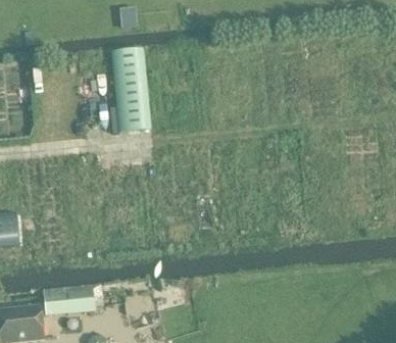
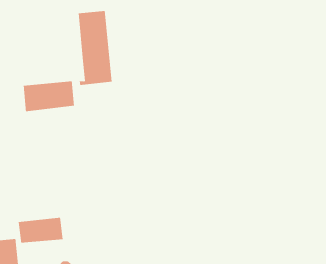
building: none -> [23,80,74,112]

